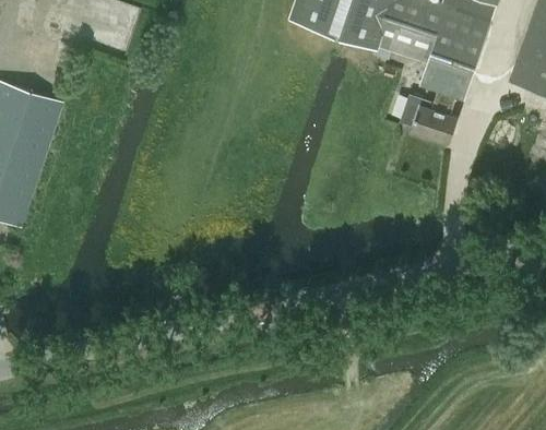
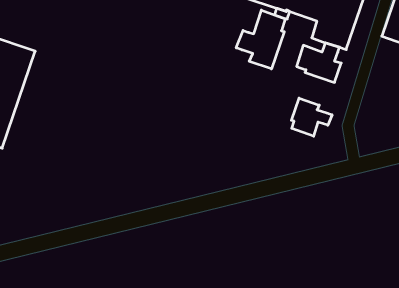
building: none -> [236,10,285,69]
building: none -> [291,98,332,136]

